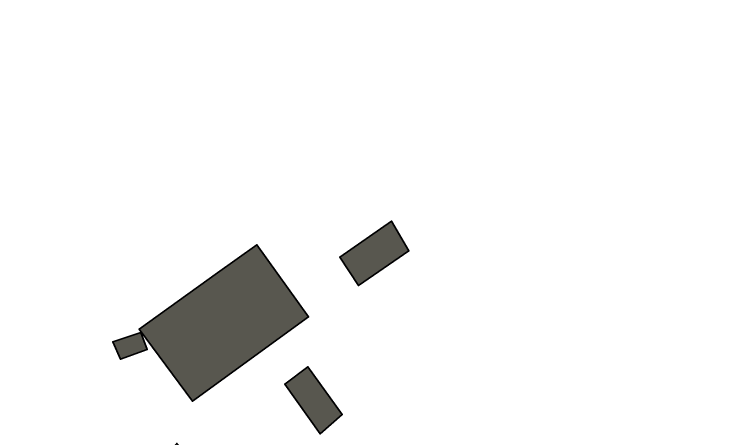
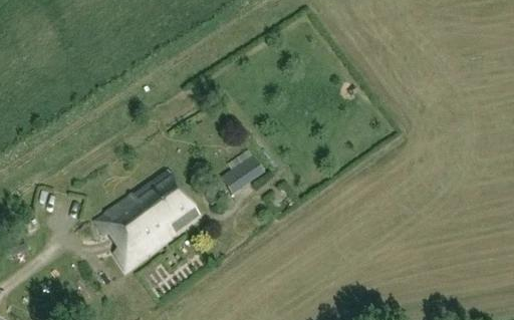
building: [285,367,342,434] -> none

